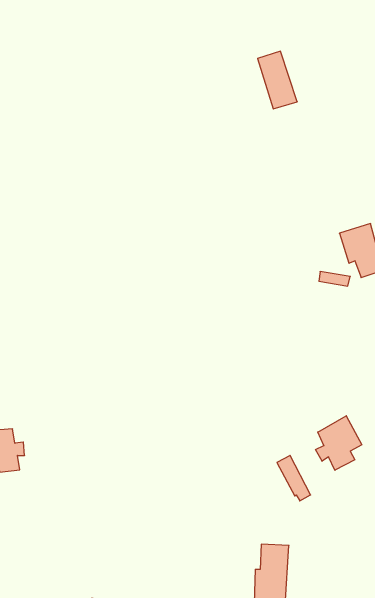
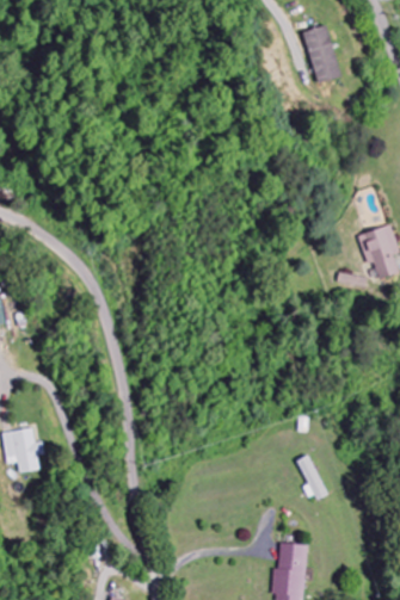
building: [258,51,297,109] -> [302,25,341,82]
building: [316,416,362,470] -> none

